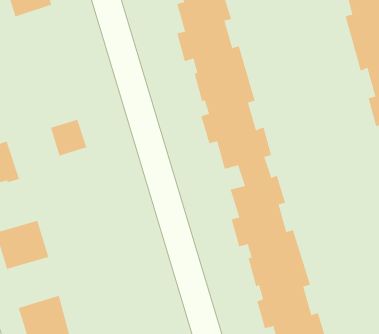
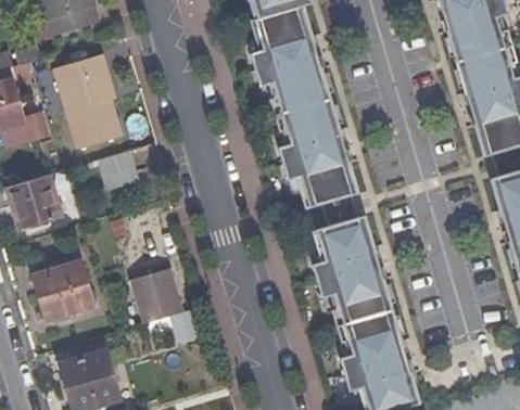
building: none -> [58,53,127,148]
building: none -> [136,267,188,322]

